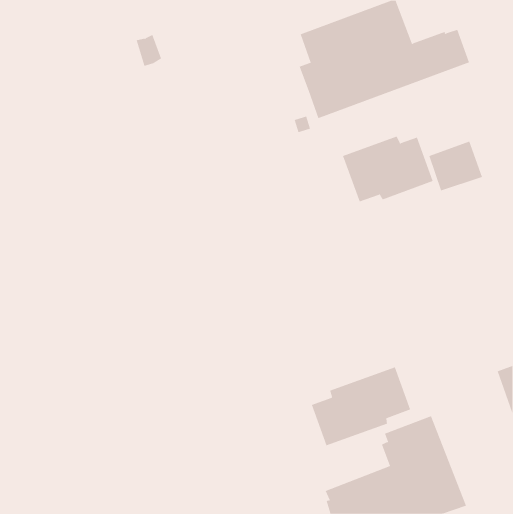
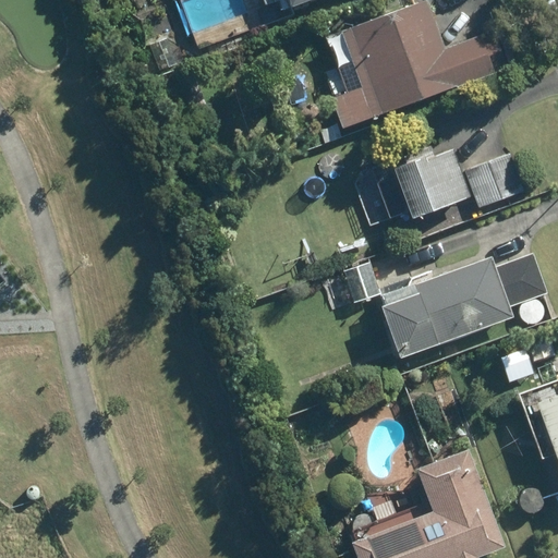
building: none -> [341,253,546,359]
building: [311,366,411,446] -> none

